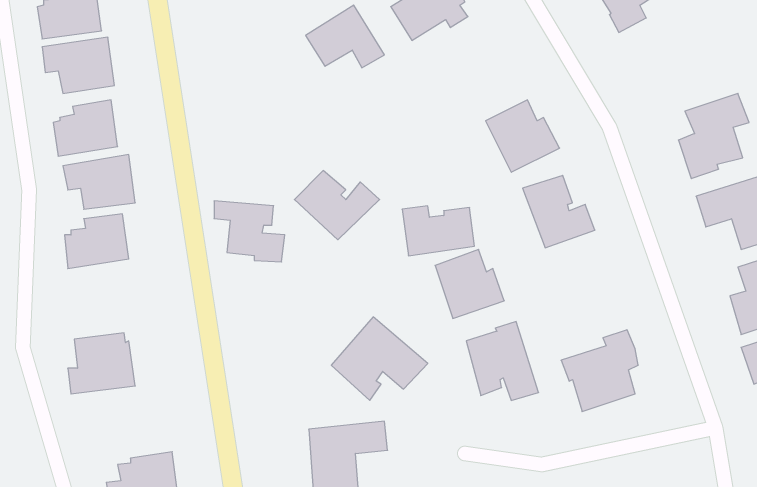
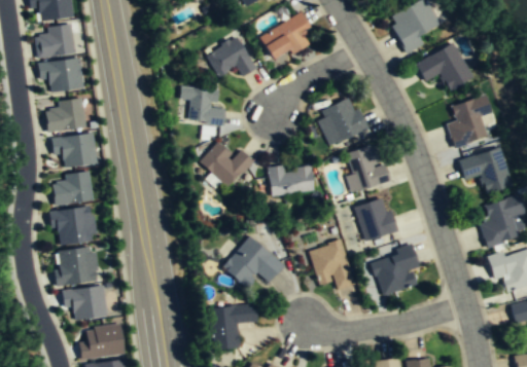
building: none -> [416,43,475,91]
building: [214,201,285,262] -> [181,87,226,126]
building: [435,249,504,318] -> [355,198,399,243]
building: none -> [49,206,94,245]
building: none -> [63,285,109,320]

